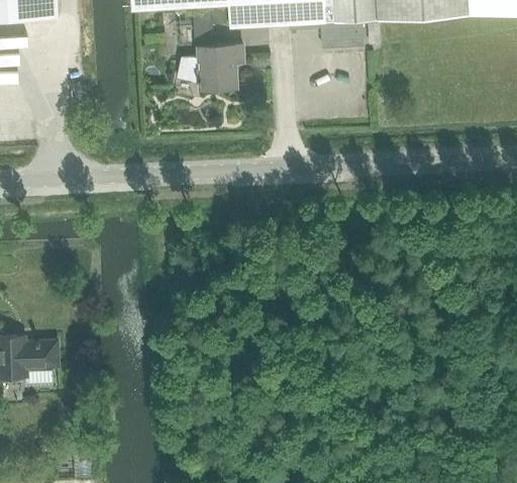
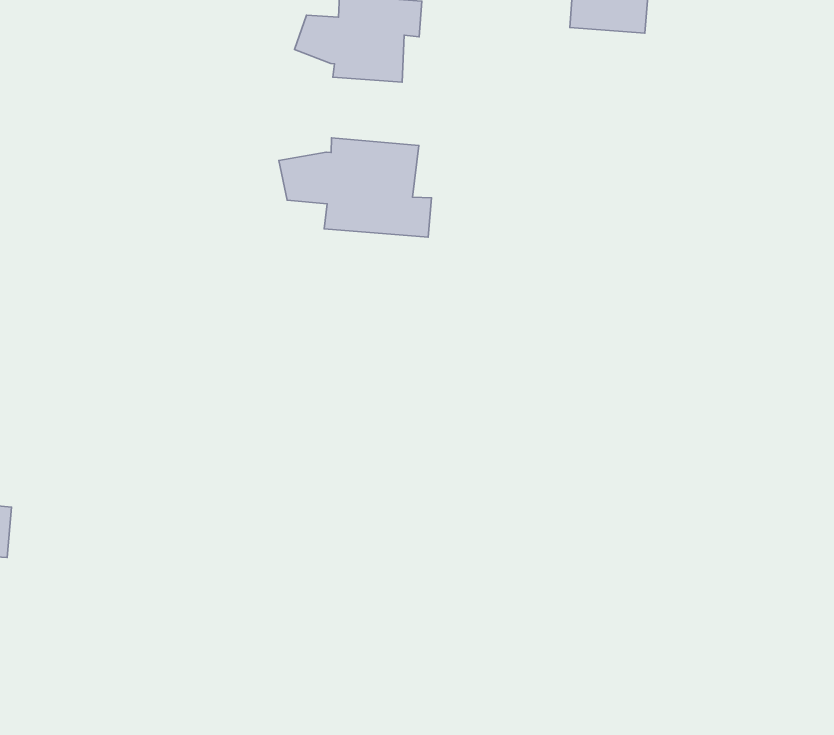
building: none -> [279,138,431,237]

